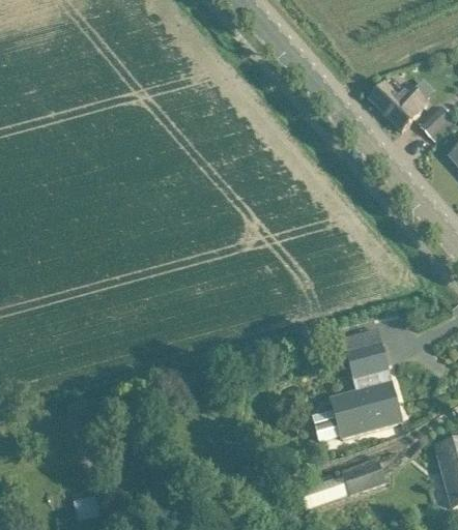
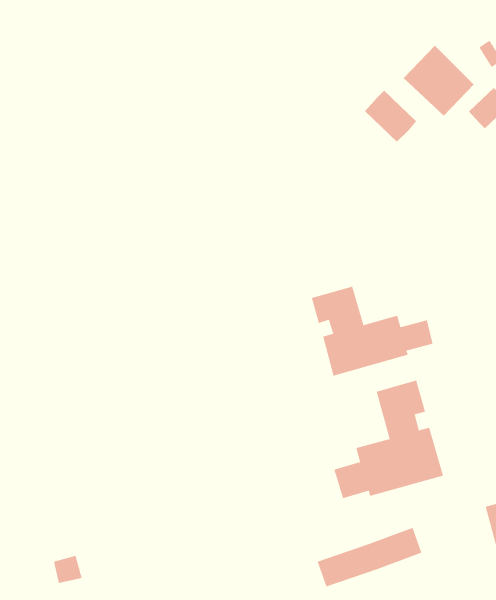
building: none -> [364,90,417,142]
building: none -> [311,286,433,377]

